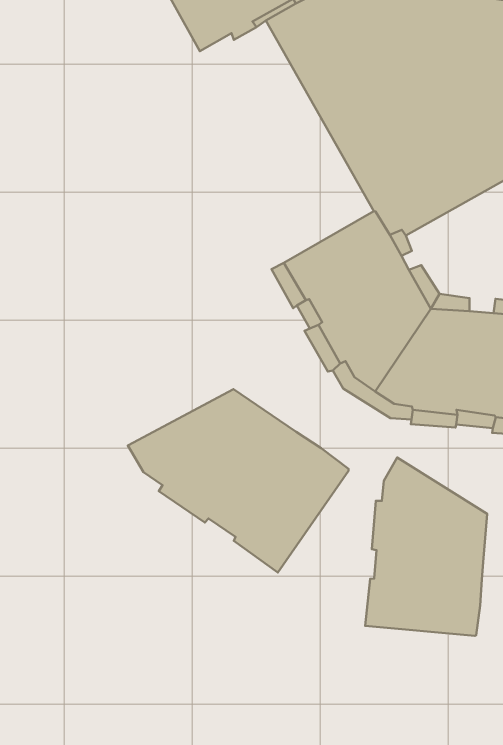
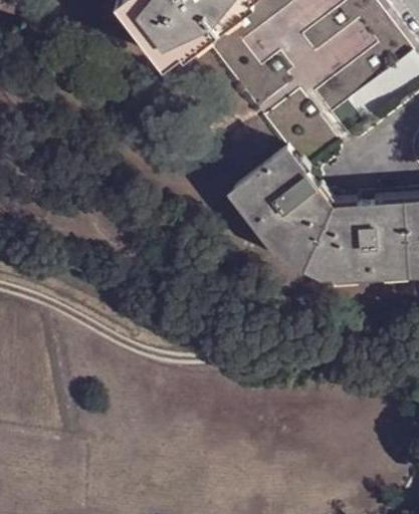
building: [128,389,349,572] -> none
building: [365,457,487,636] -> none

